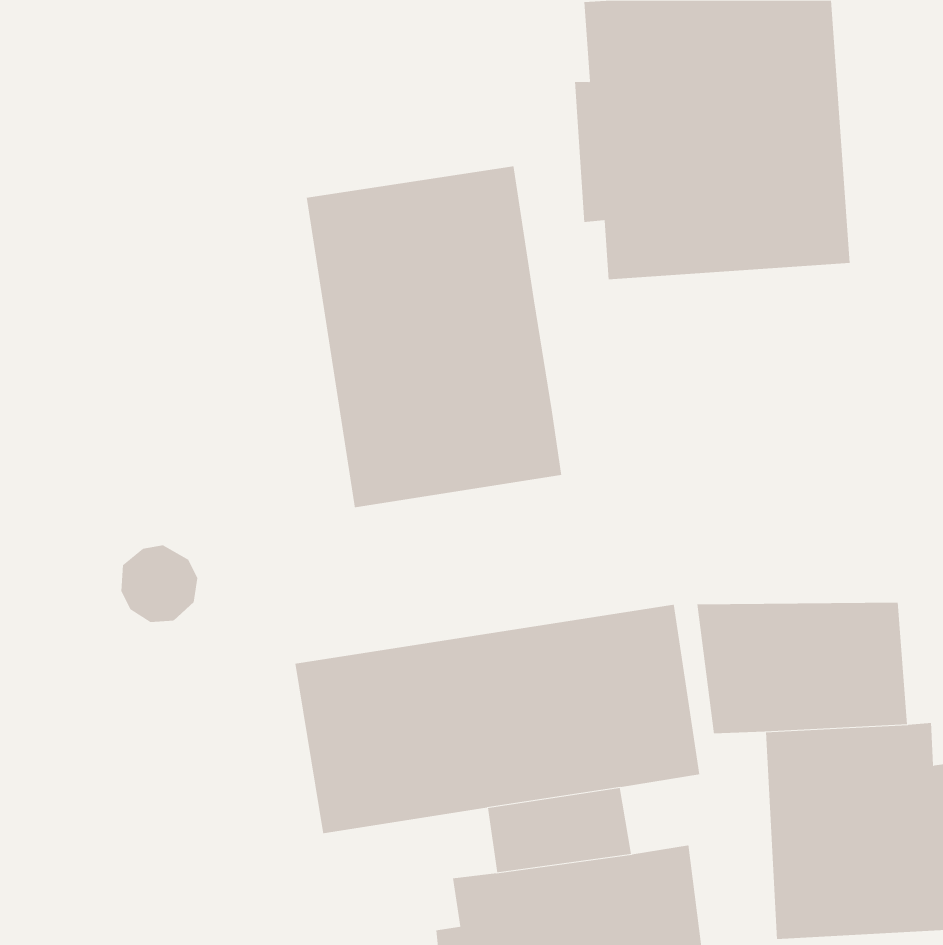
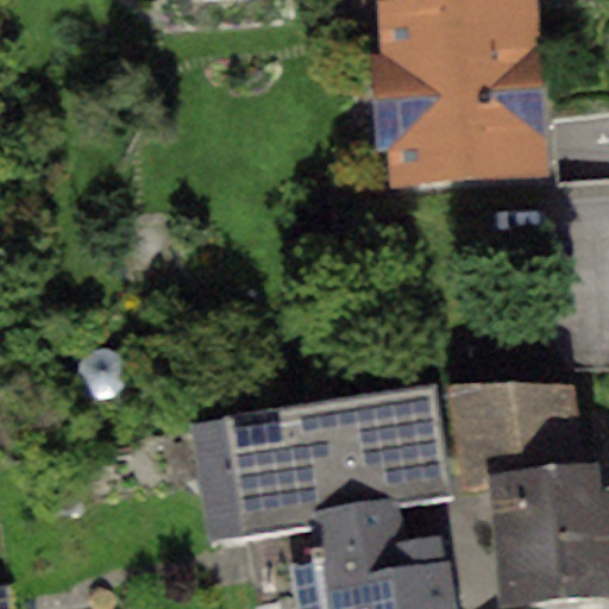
building: [306,166,562,508] -> none

